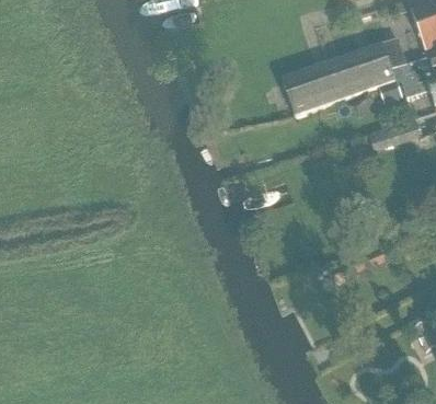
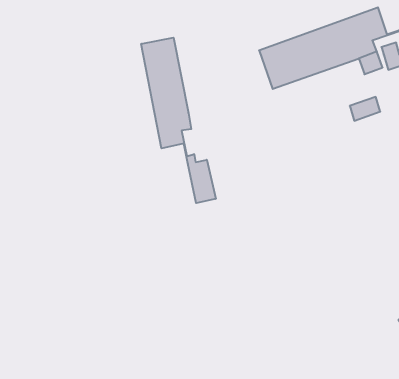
building: none -> [141,38,216,203]

